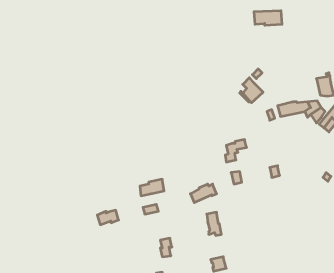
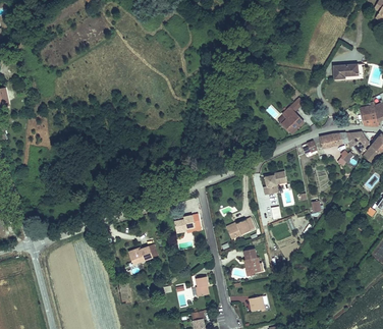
building: [254,11,282,25] -> [333,64,363,79]

